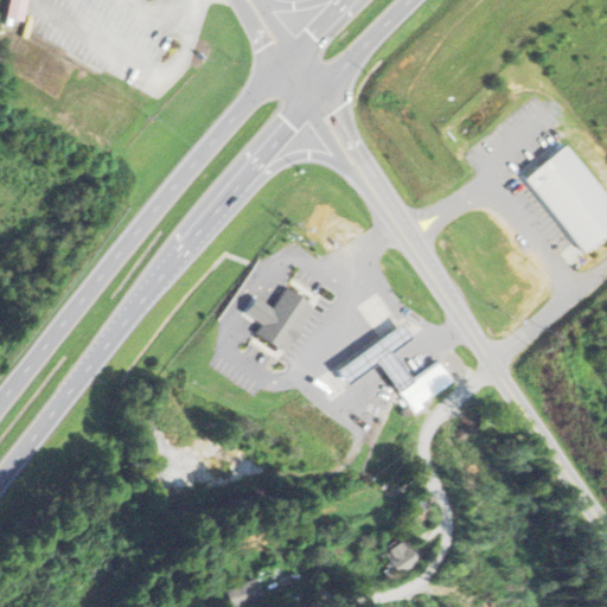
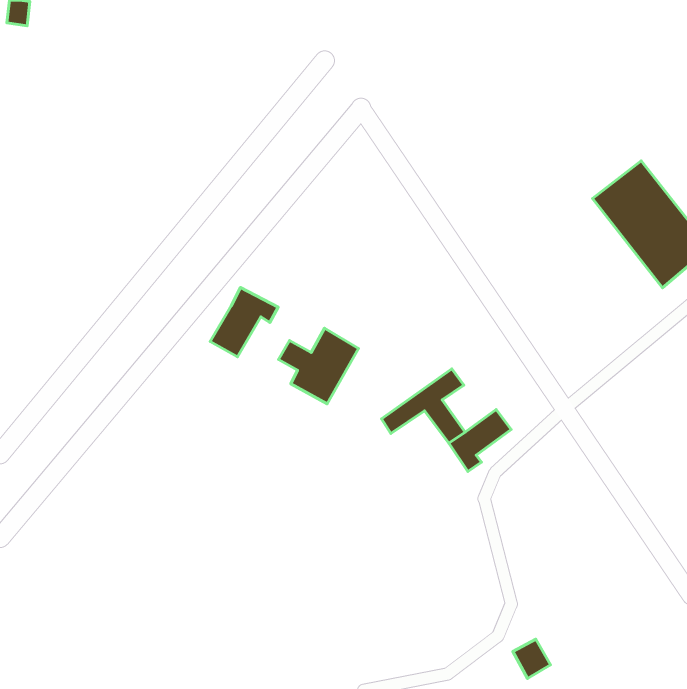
building: none -> [210,287,278,357]
building: [388,544,421,579] -> [513,639,551,678]

